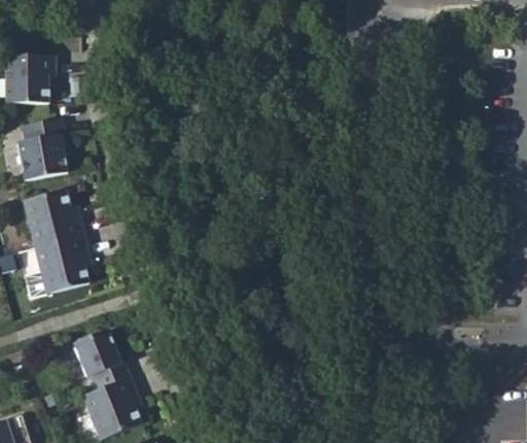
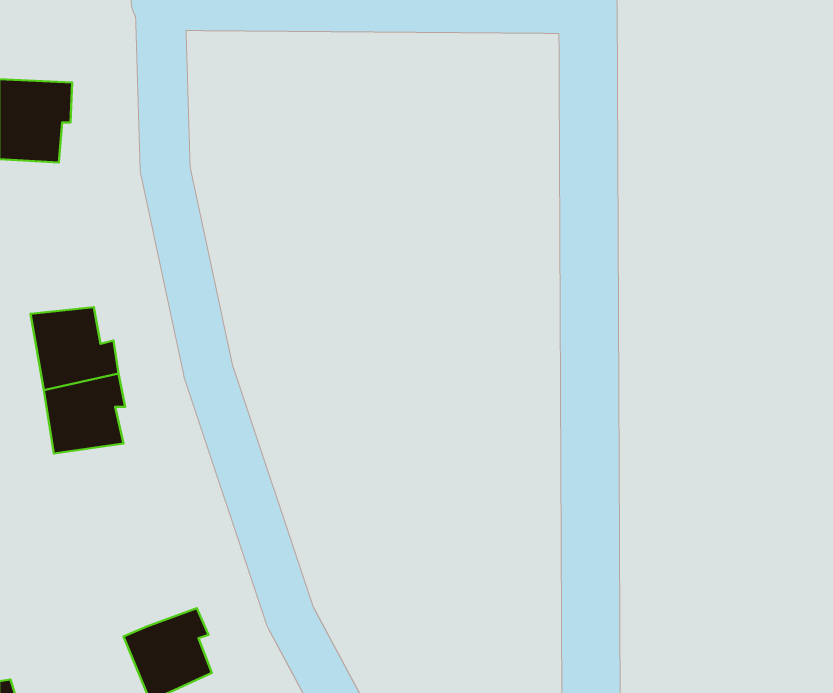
building: [15,114,65,179] -> none
building: [75,335,131,391] -> none

